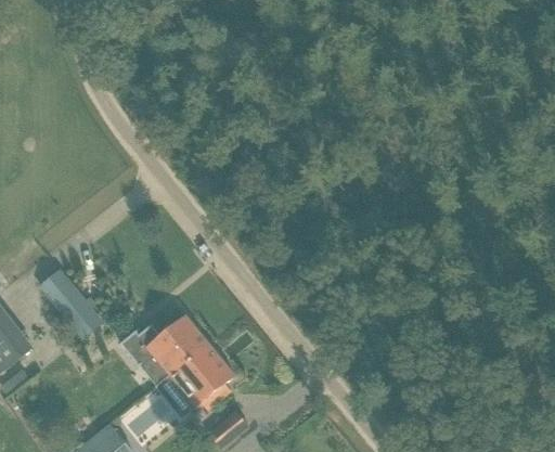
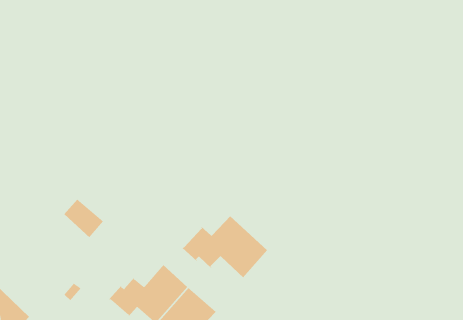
building: none -> [182,215,268,278]
building: [50,280,92,324] -> [63,199,104,238]

